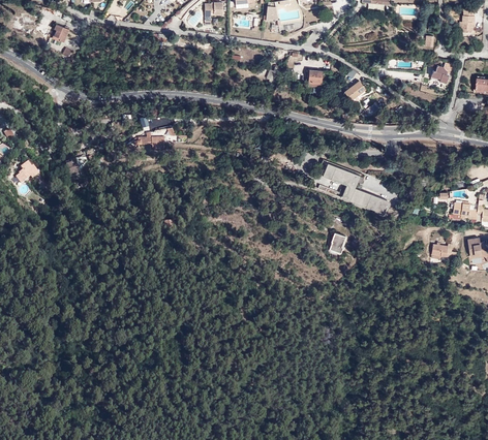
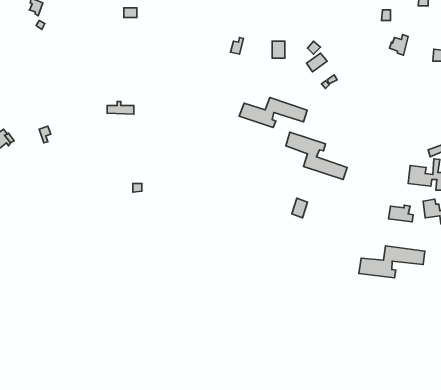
building: none -> [239,97,307,128]
building: none -> [359,246,425,278]

